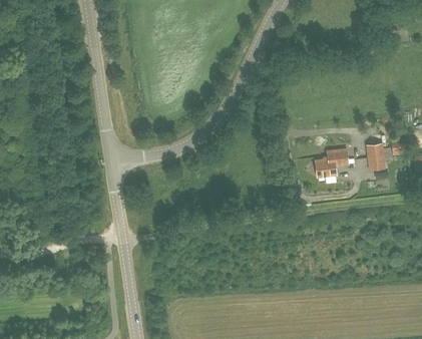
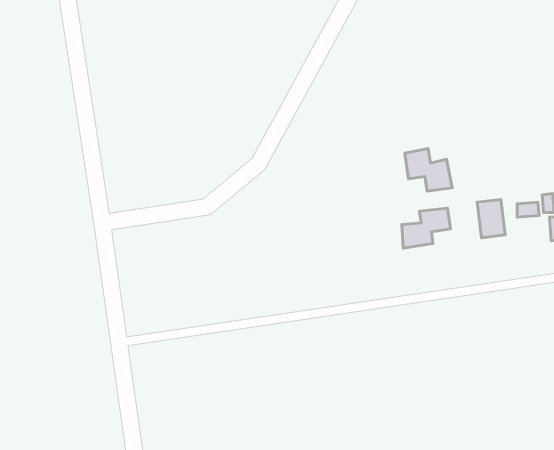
building: none -> [405,148,452,191]

